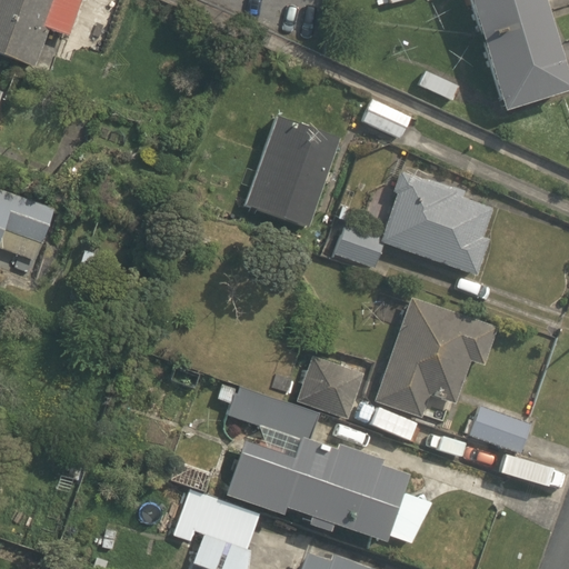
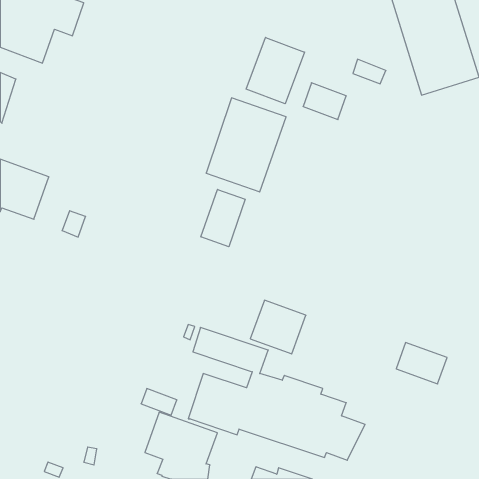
building: none -> [246,37,305,104]
building: [335,170,493,277] -> none
building: none -> [201,189,245,247]
building: [376,299,495,417] -> none

